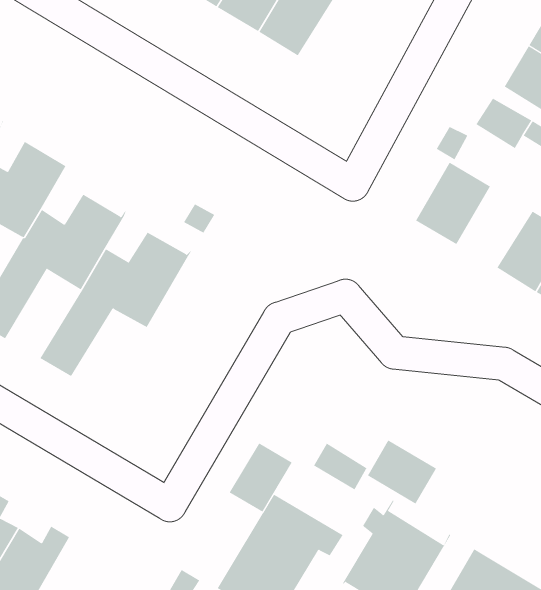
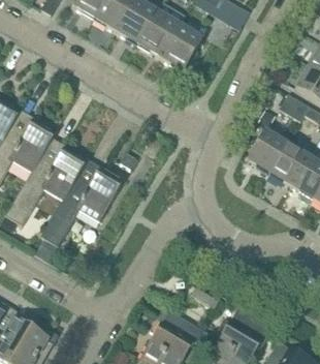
building: none -> [268,142,310,186]
building: [367,440,437,505] -> none
building: [229,443,293,512] -> none

